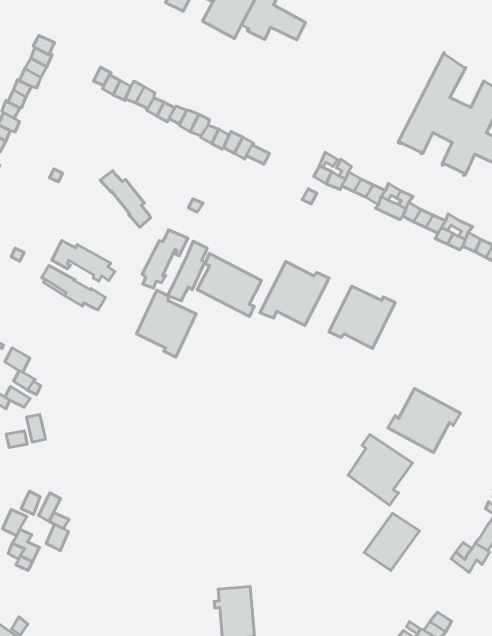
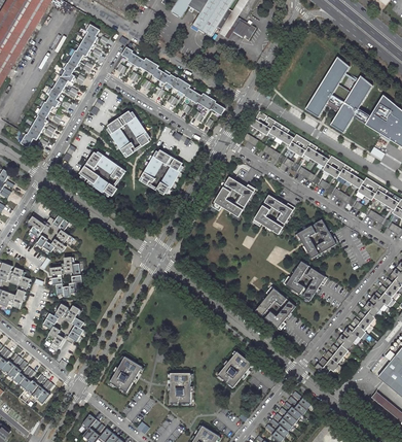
building: none -> [107,118,134,157]
building: [197,253,262,317] -> none
building: [136,290,196,357] -> none
building: none -> [294,219,338,258]
building: [364,513,419,570] -> [218,352,253,387]
building: none -> [109,356,142,393]

